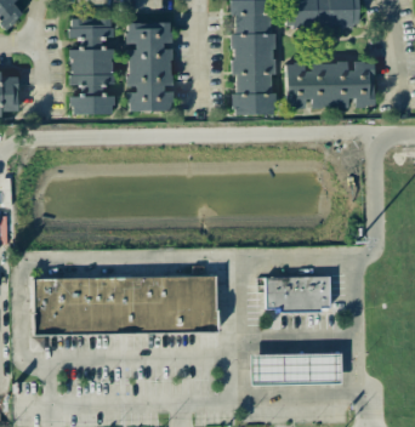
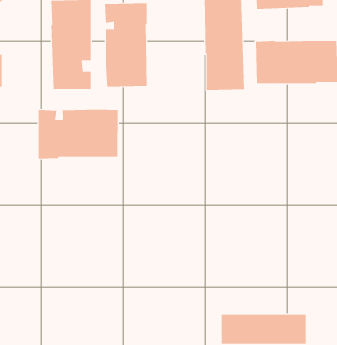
building: none -> [38,109,118,159]
building: [34,275,216,332] -> none
building: [265,275,331,311] -> none

